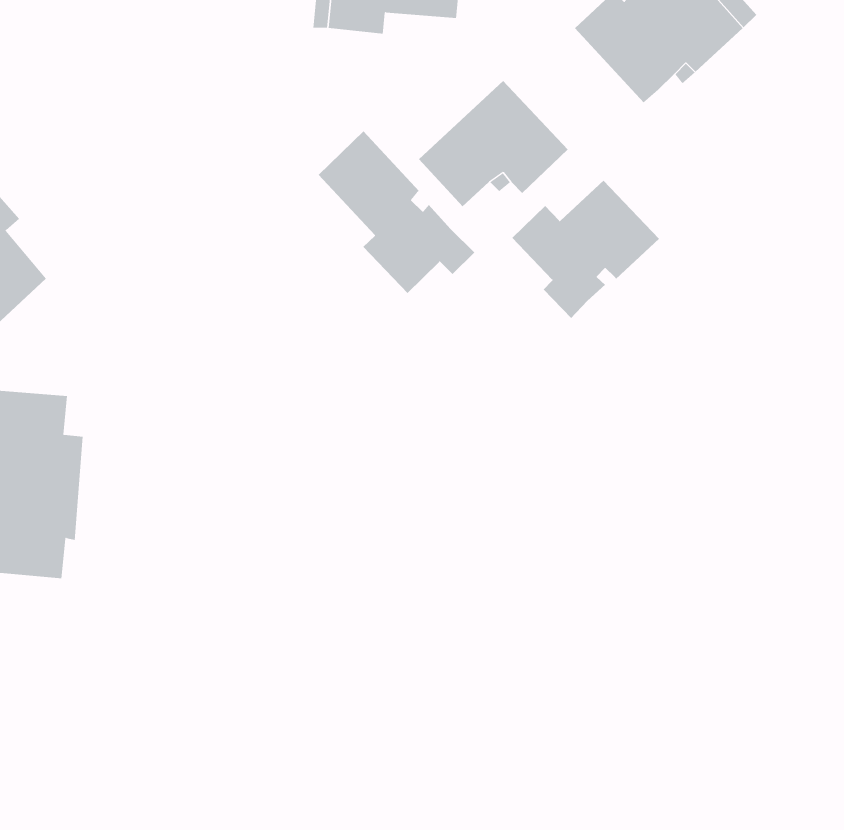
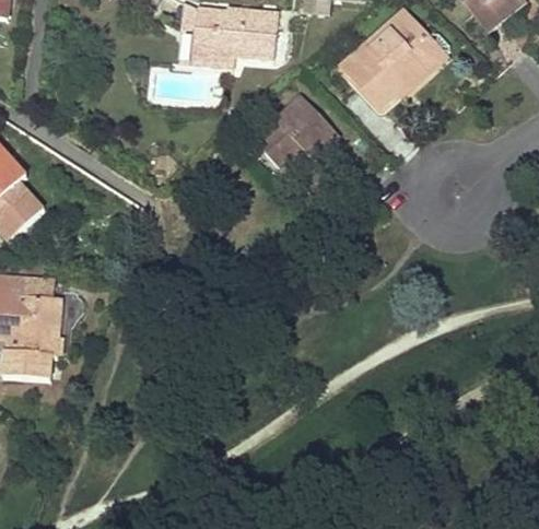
building: [318,131,475,294] -> none
building: [512,180,660,319] -> none

